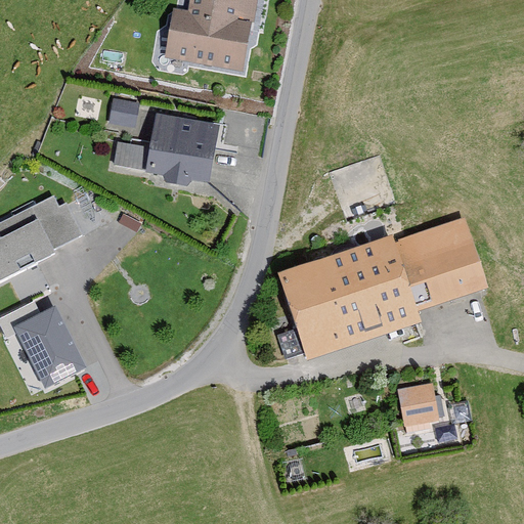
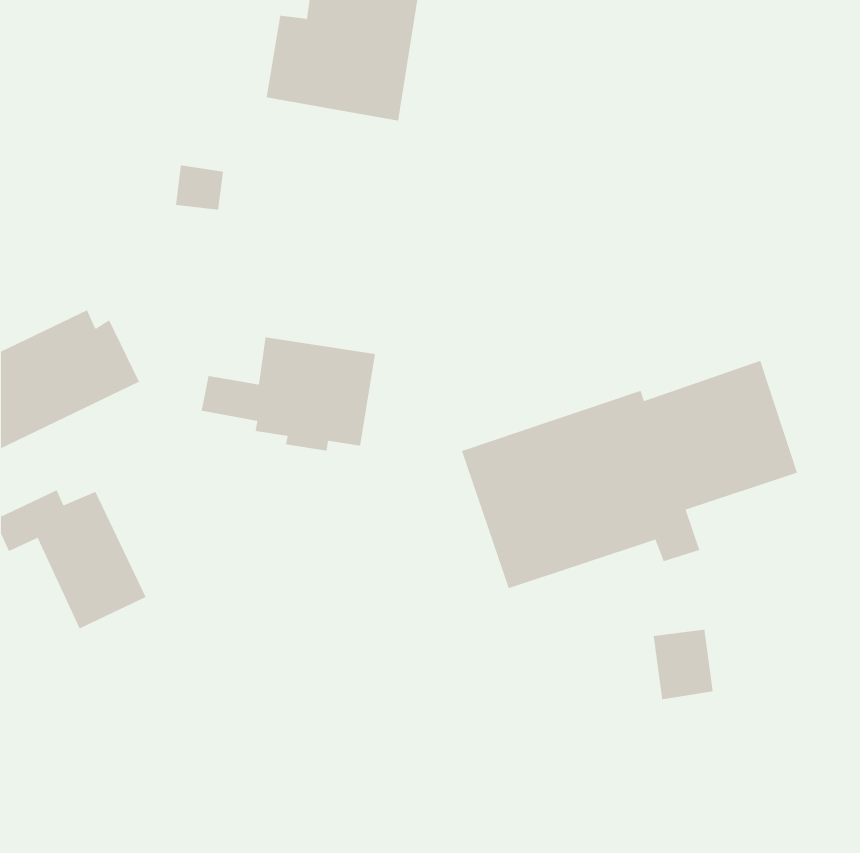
building: [113,117,219,186] -> [201,337,376,451]

